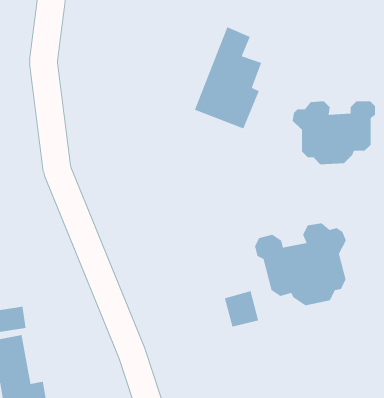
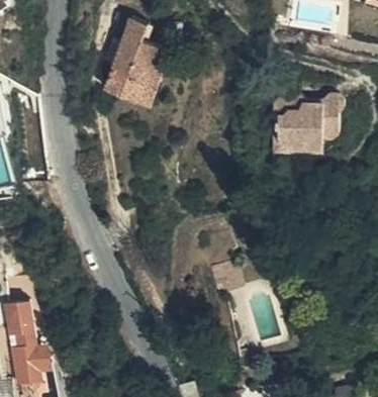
building: [194,26,262,130] -> [103,13,164,105]
building: [254,222,347,306] -> none

